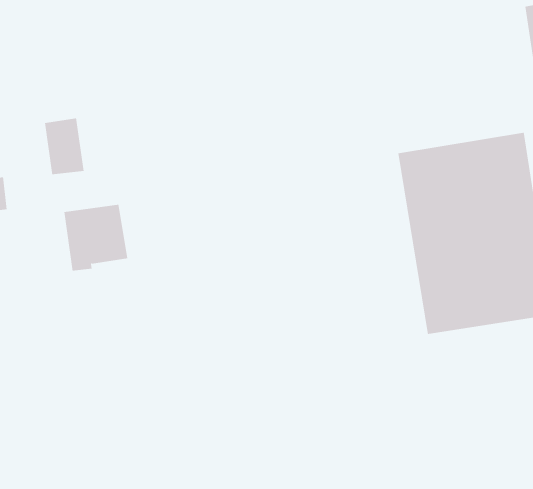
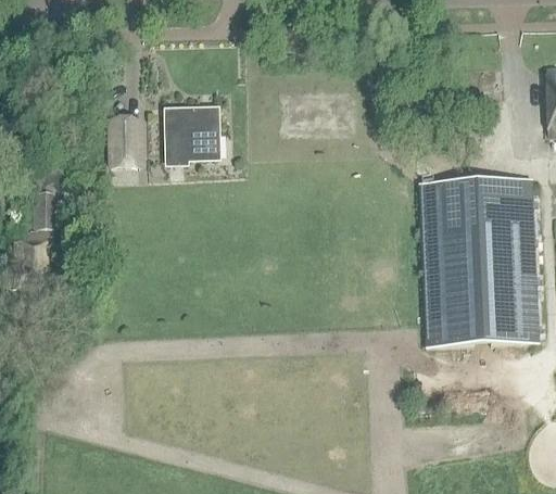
building: [64,204,128,271] -> [167,106,219,161]

